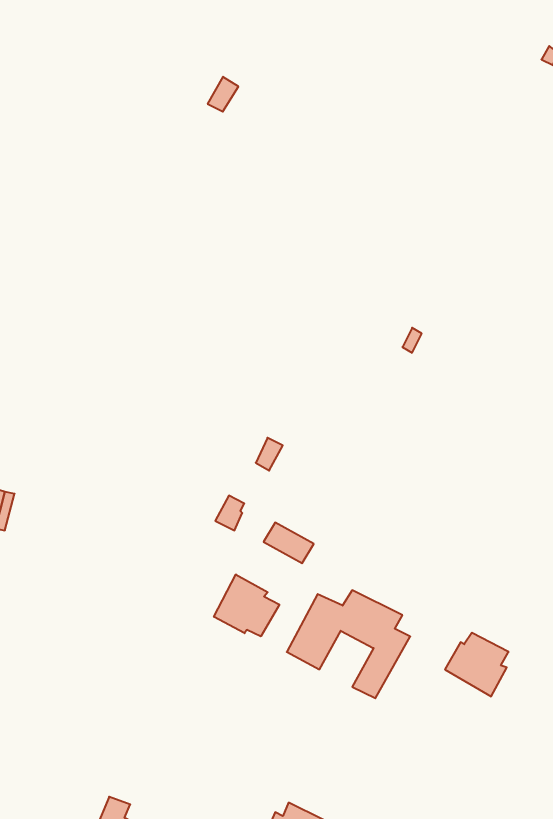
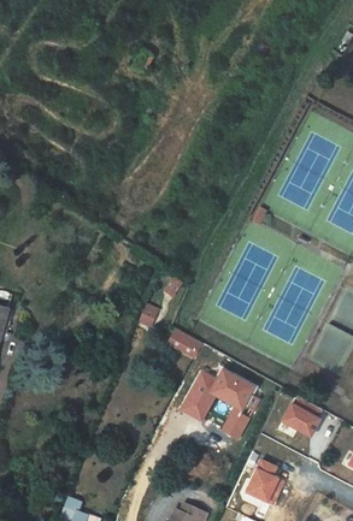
building: [214,574,279,636] -> none
building: none -> [246,460,282,503]

